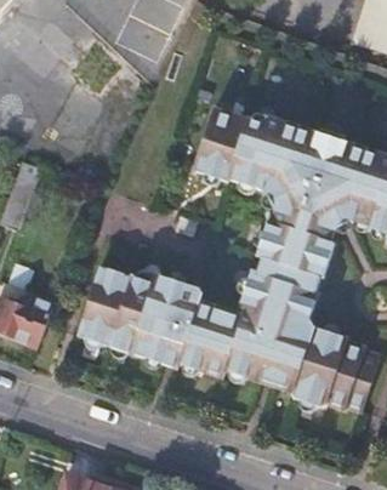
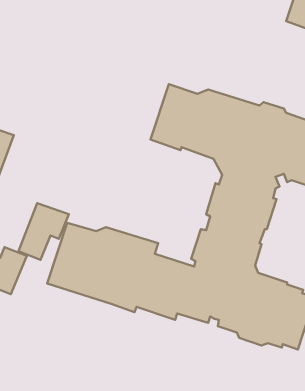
building: none -> [19,203,69,260]

